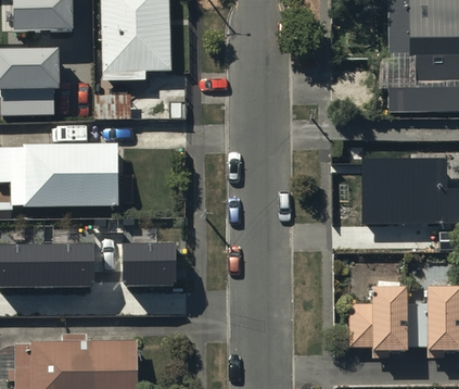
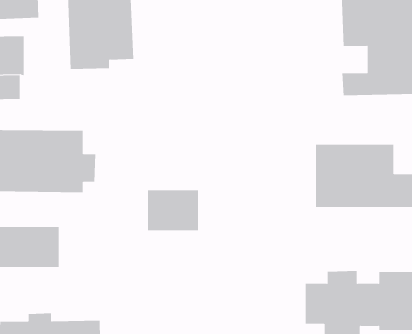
building: [122,242,175,285] -> [147,190,199,231]

